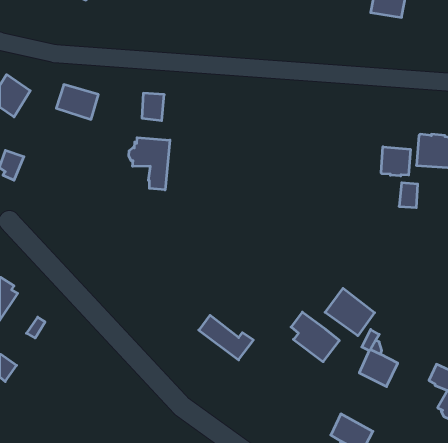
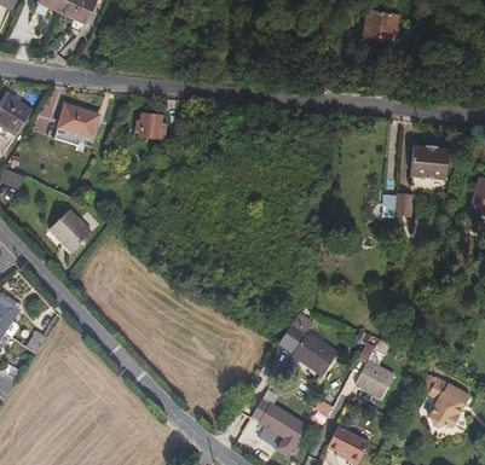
building: [129,138,170,190] -> none
building: [381,147,410,176] -> none
building: none -> [51,209,91,249]
building: [325,288,375,336] -> none
building: [199,315,253,360] -> [247,399,300,442]

